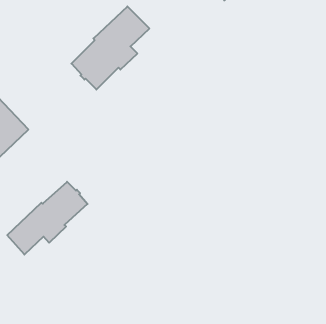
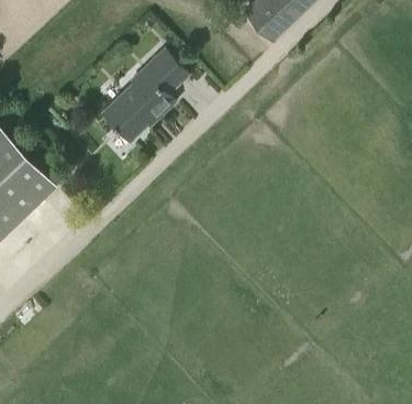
building: [7,182,88,255] -> none

